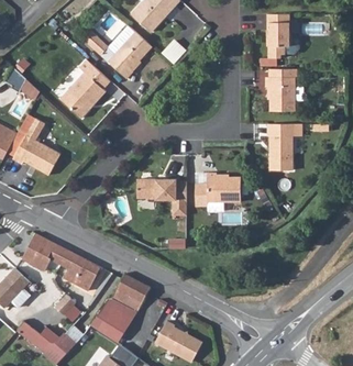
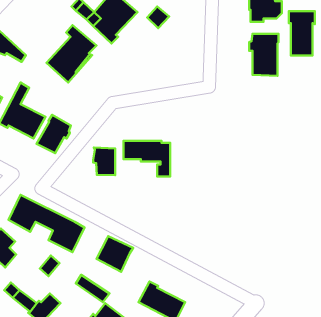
building: [266,124,293,169] -> [289,11,315,55]
building: none -> [36,115,71,153]
building: [196,173,241,206] -> none
building: none -> [93,148,115,175]
building: [96,297,137,333] -> none

